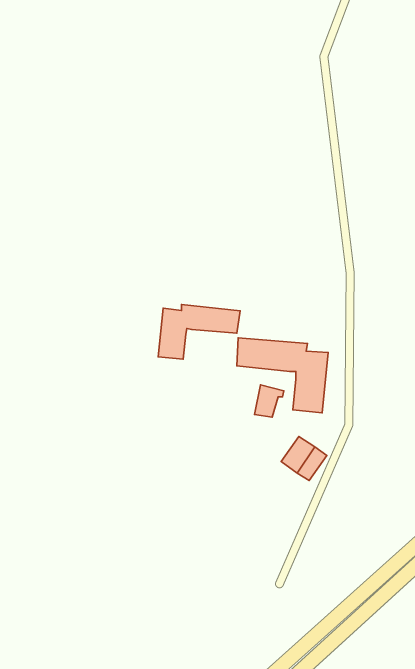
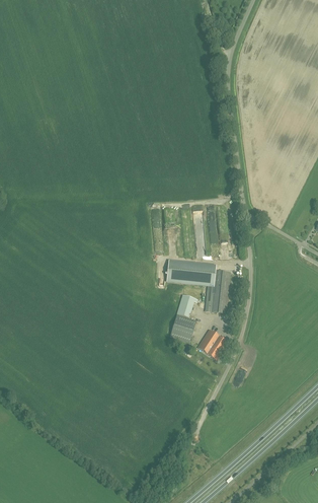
building: [158,305,240,359] -> none
building: none -> [169,312,195,340]

